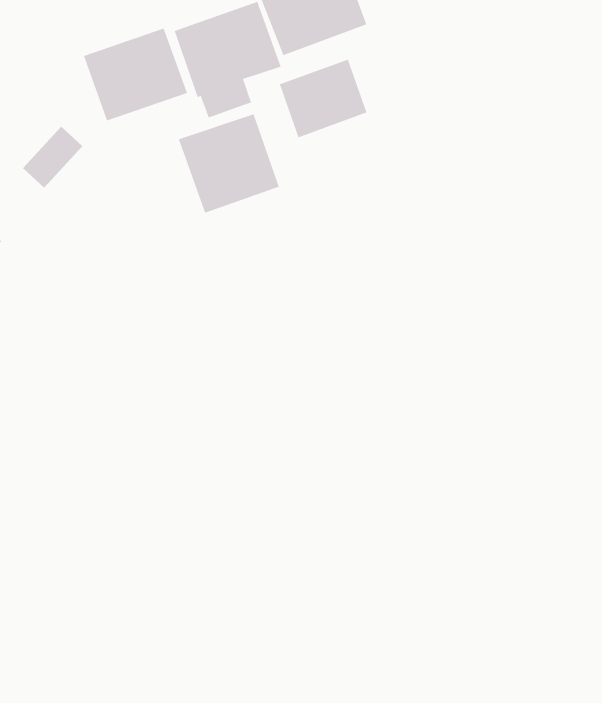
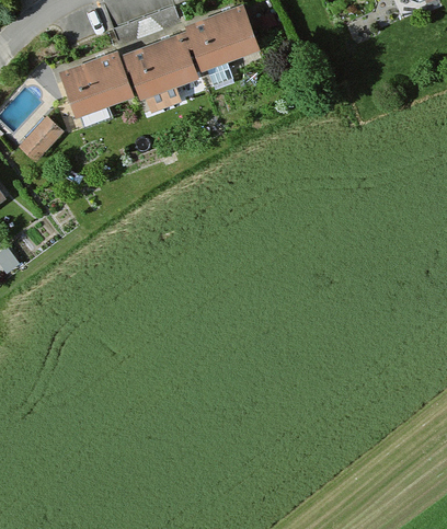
building: [279,59,367,138] -> none
building: [178,114,279,213] -> none

